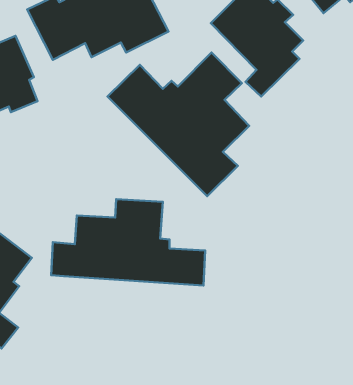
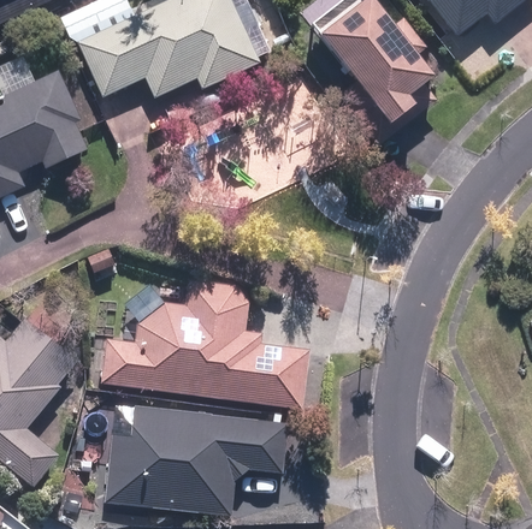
building: [107,52,249,196] -> none
building: none -> [104,405,288,516]

